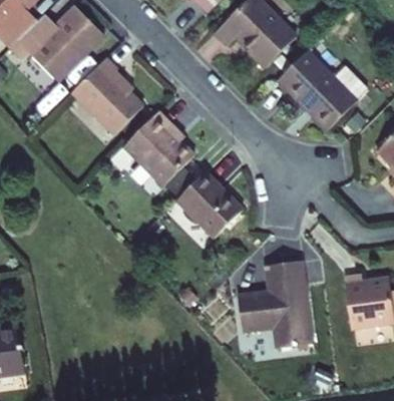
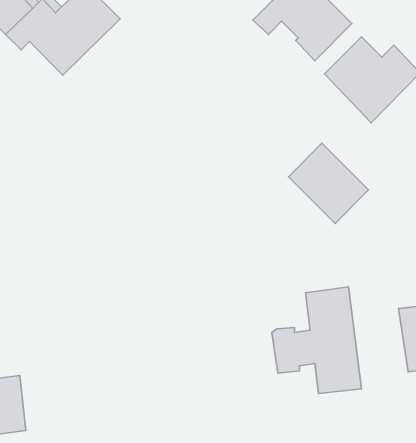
building: [72,56,145,134] -> none
building: [122,110,193,186] -> none
building: [175,171,243,239] -> [288,143,368,223]

